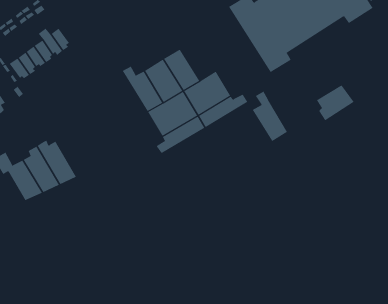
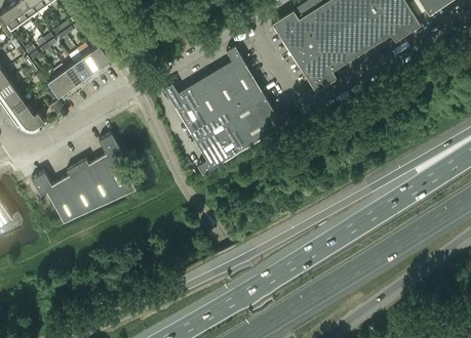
building: [316,84,355,121] -> none
building: [252,91,288,142] -> [224,46,261,98]
building: none -> [96,133,136,197]

